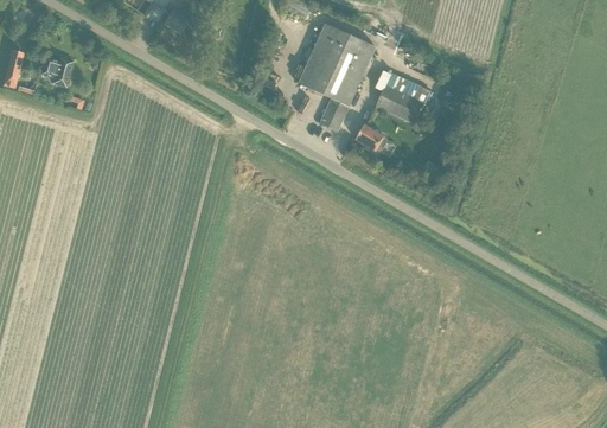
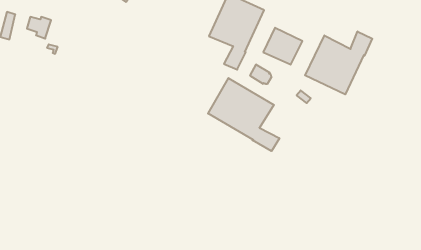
building: none -> [305,31,372,94]
building: none -> [208,78,279,151]

